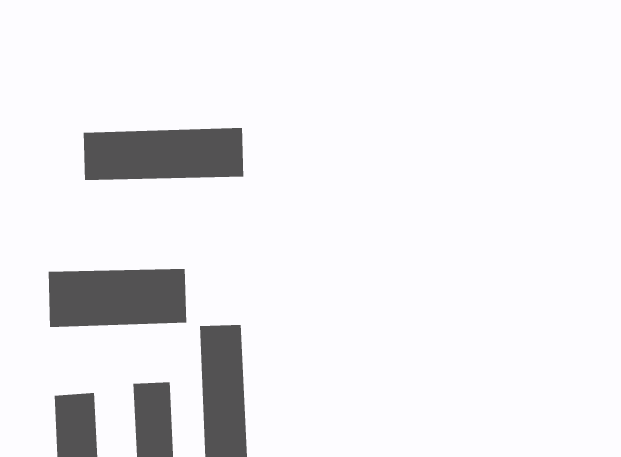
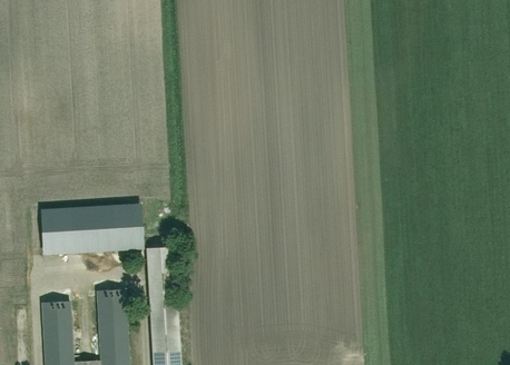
building: [83,127,244,181] -> none

